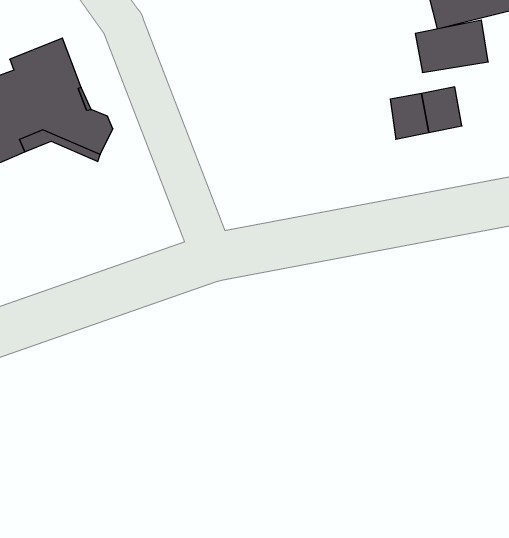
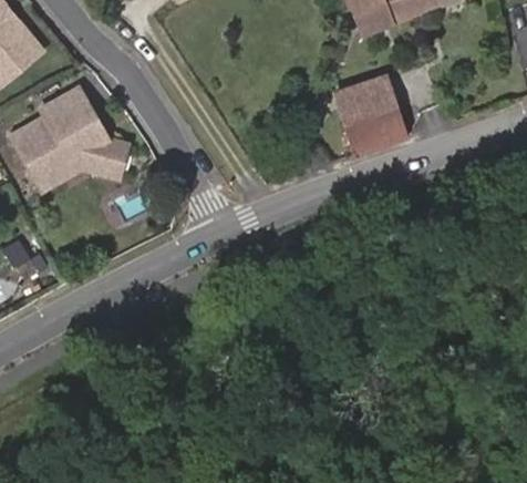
building: [415,20,488,72] -> [345,107,404,154]

